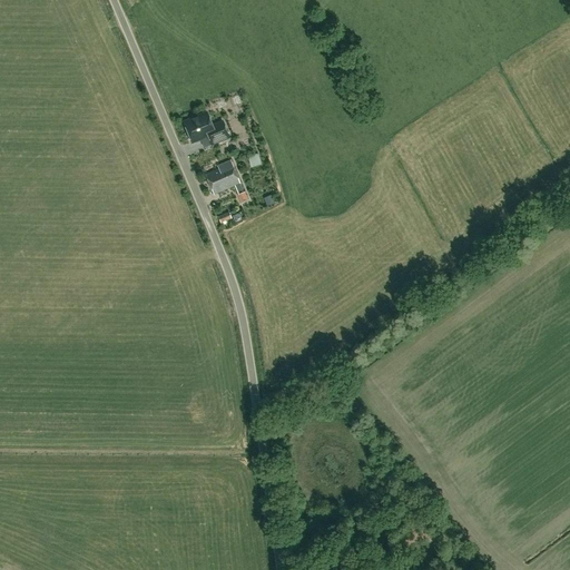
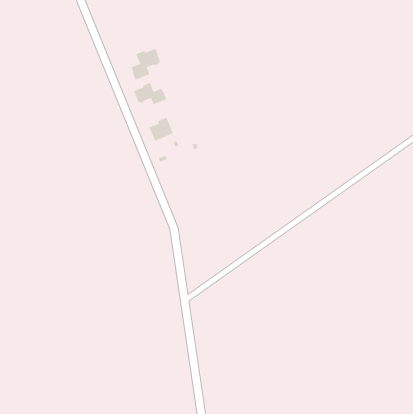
building: none -> [130,48,161,81]

